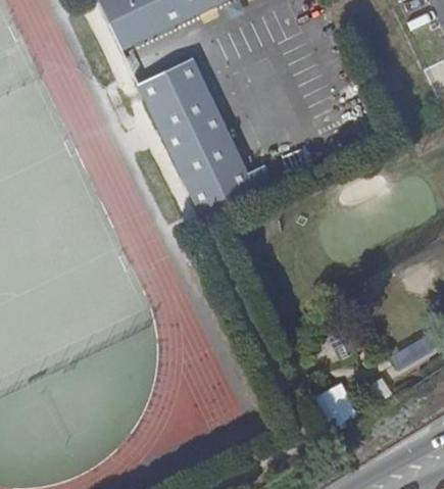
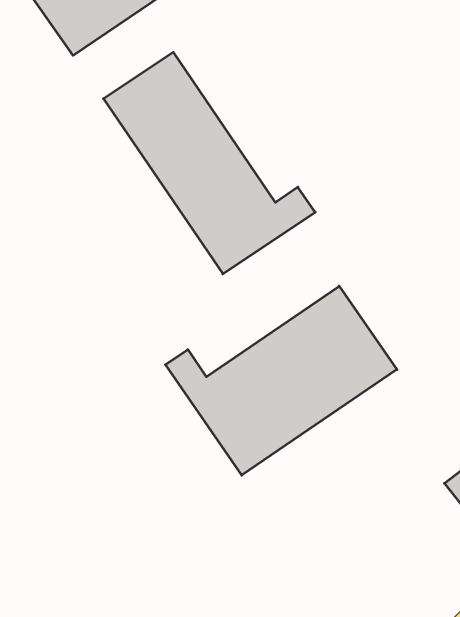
building: none -> [165,286,397,475]

